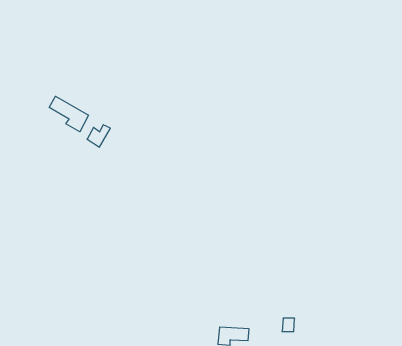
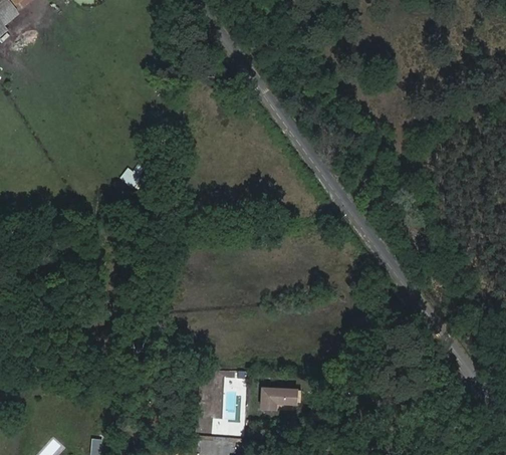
building: [49,96,88,132] -> none

